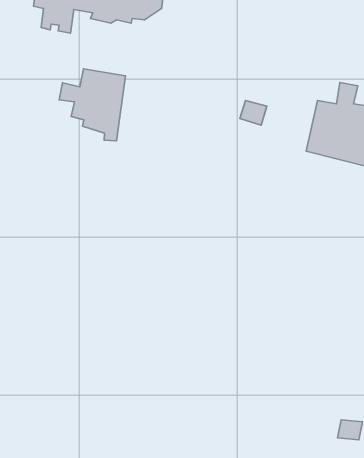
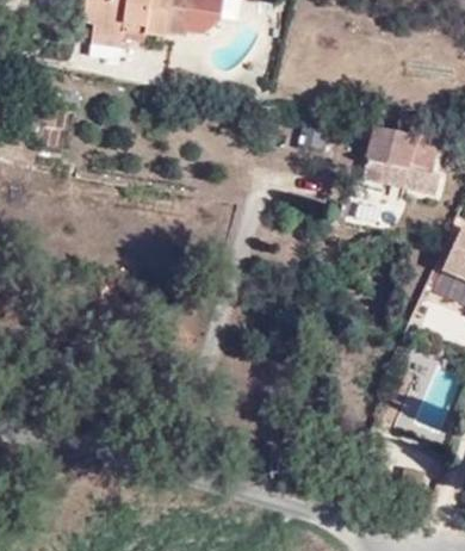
building: [59,69,126,141] -> none

